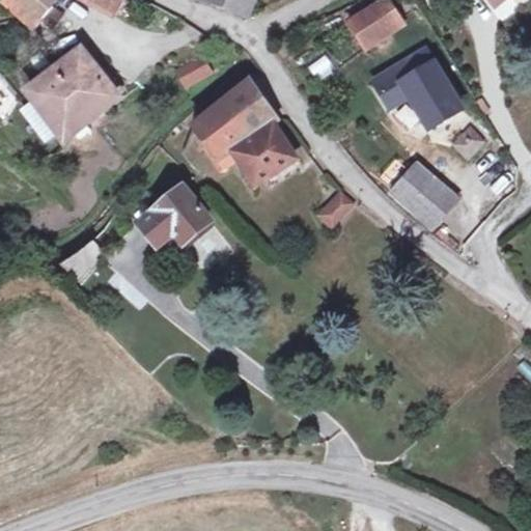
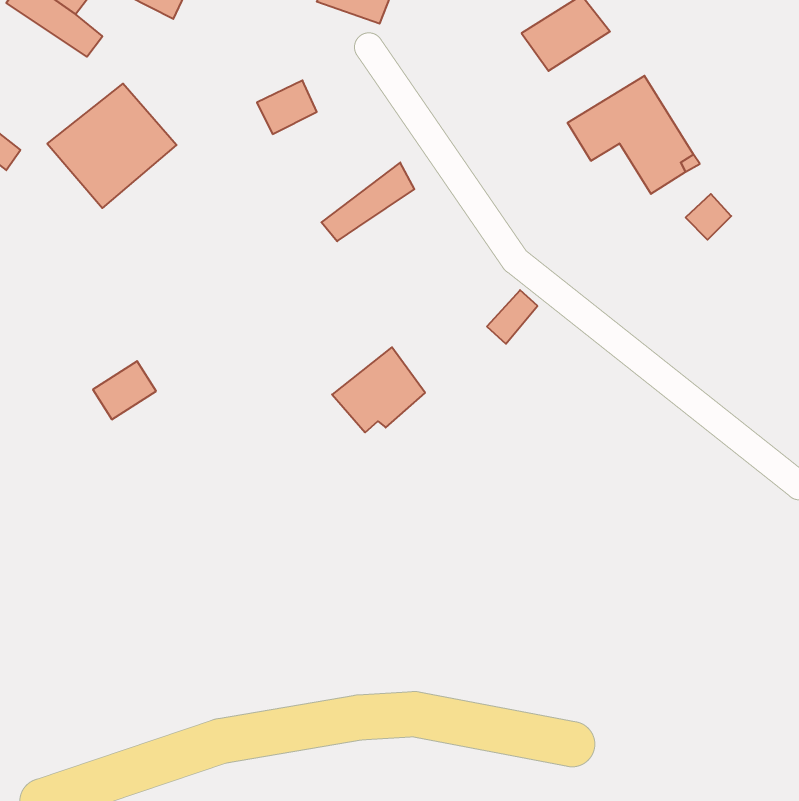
building: [194,80,263,146] -> none
building: [235,124,295,184] -> none
building: [392,165,454,227] -> none
building: [146,188,207,244] -> [332,347,425,432]

